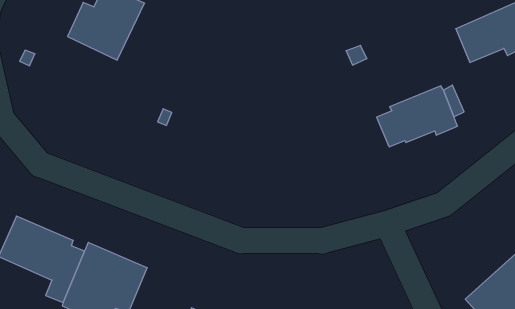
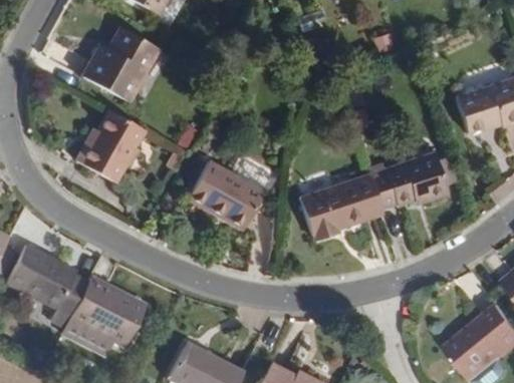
building: none -> [77,113,146,187]
building: none -> [295,167,382,233]
building: none -> [191,161,267,229]

